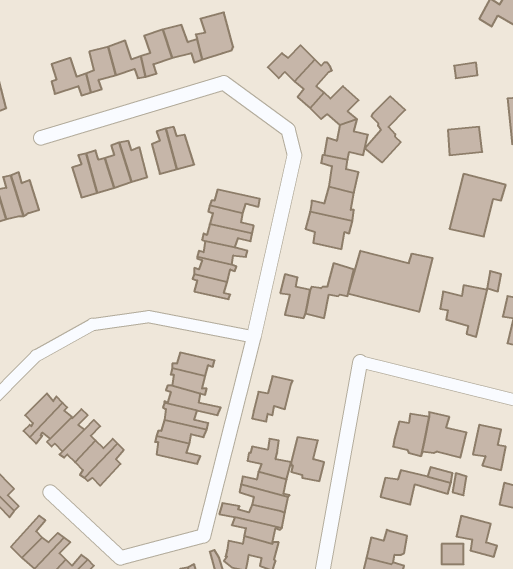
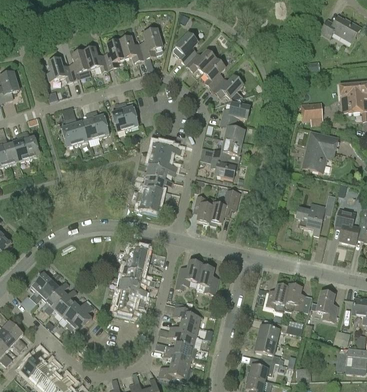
building: none -> [172,32,197,63]
building: [365,96,405,162] -> none
building: [348,251,433,312] -> none
building: [291,437,324,481] -> [196,265,217,293]
building: [456,516,497,557] -> [254,337,280,363]

